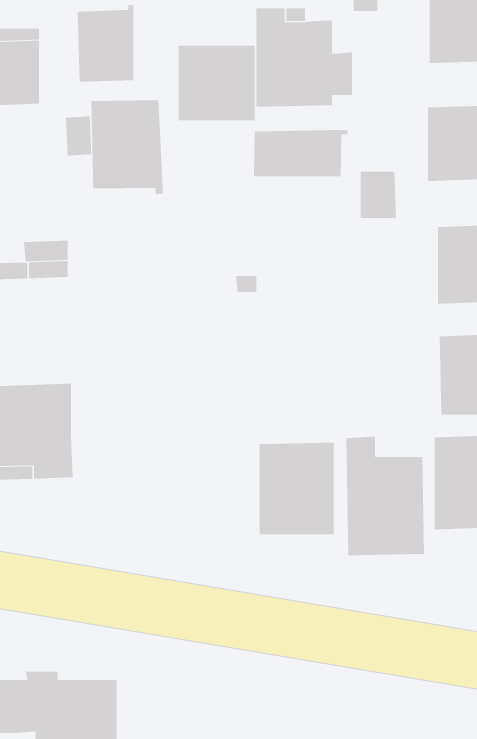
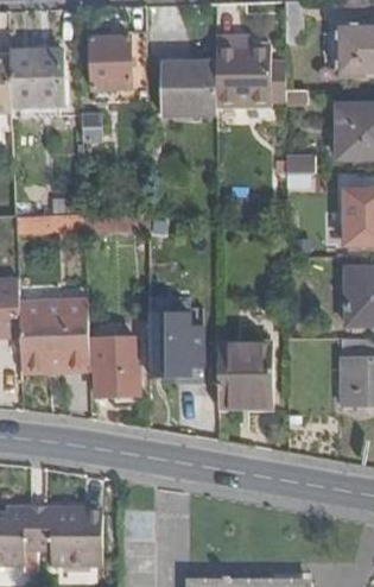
building: [91,99,163,195] -> none
building: [254,129,348,177] -> none
building: none -> [85,336,139,396]
building: [346,436,425,556] -> [154,292,210,377]

